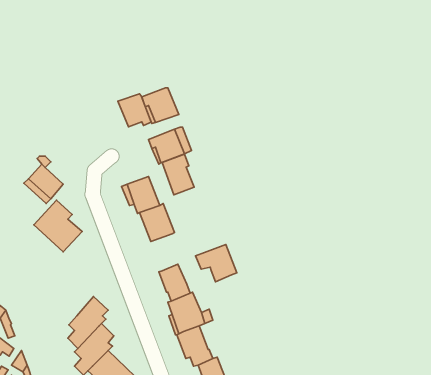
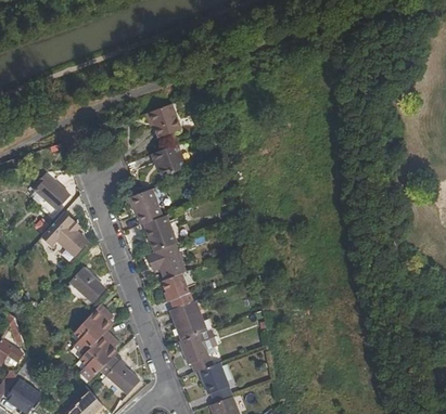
building: [118,94,151,127] -> none
building: [162,154,194,195] -> none
building: [195,245,237,282] -> [145,243,186,279]
building: none -> [66,268,104,306]

